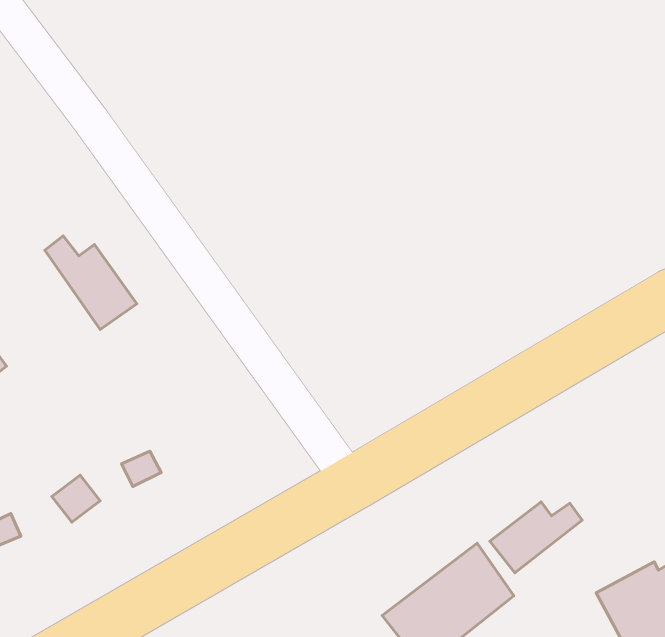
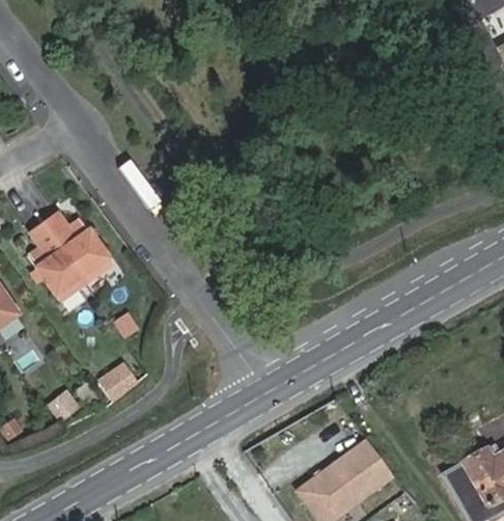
building: none -> [29,223,85,298]
building: [490,502,582,573] -> none

